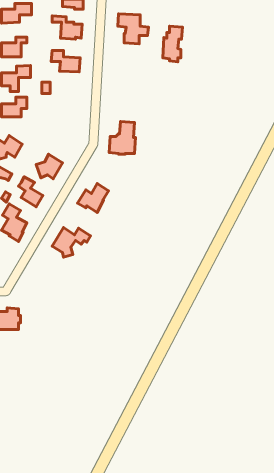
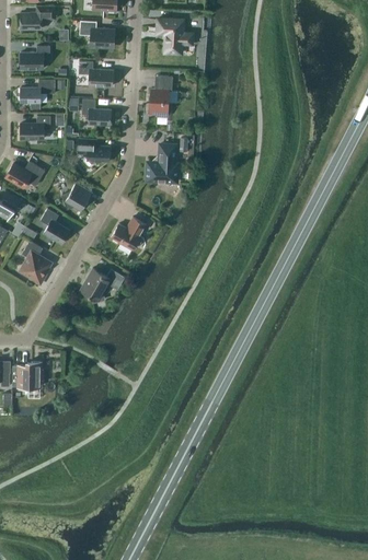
building: [163,26,183,62] -> [150,75,173,117]
building: none -> [82,100,111,125]
building: none -> [78,139,110,164]

